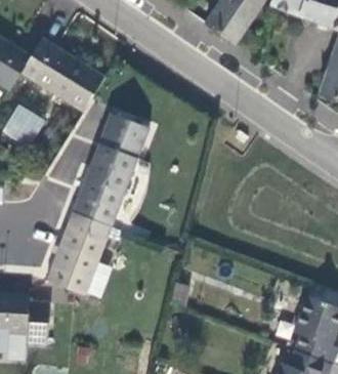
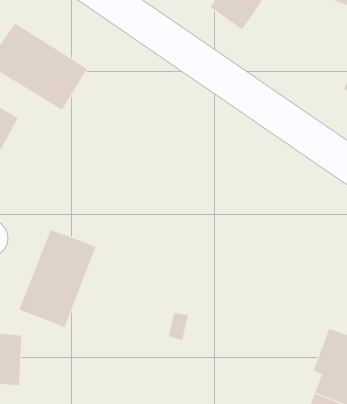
building: [72,114,149,227] -> none

